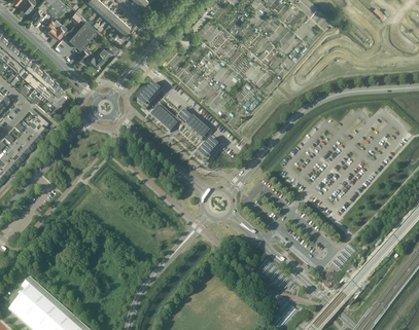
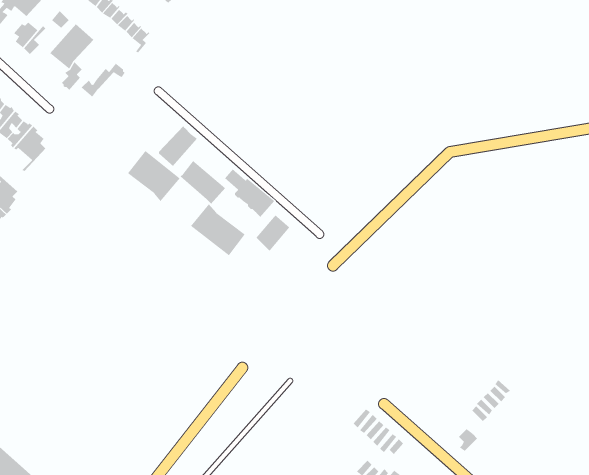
building: none -> [127,150,181,202]
building: none -> [190,204,246,256]

